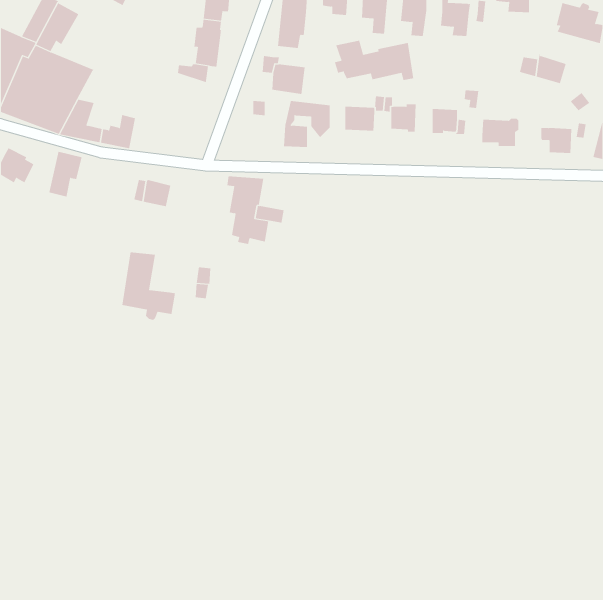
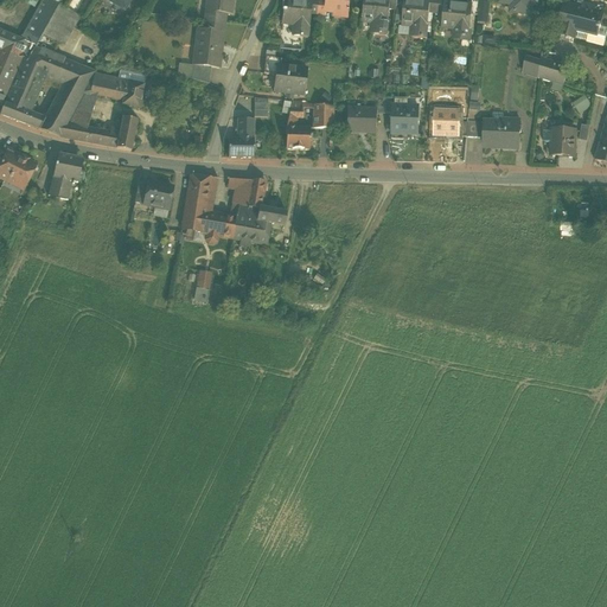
building: [334,40,414,81] -> none
building: none -> [78,71,145,107]
building: none -> [228,117,254,156]
building: [121,252,176,320] -> [181,173,236,242]

